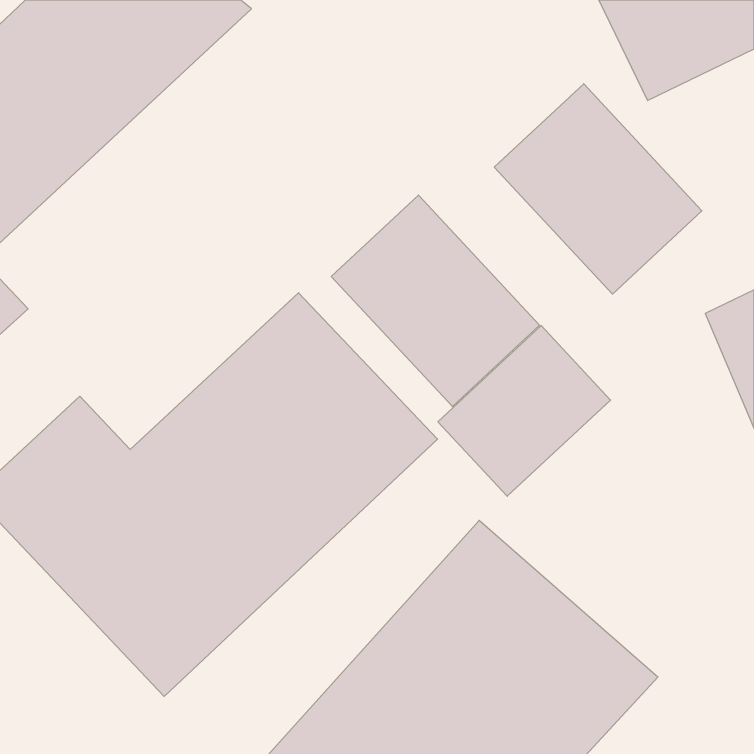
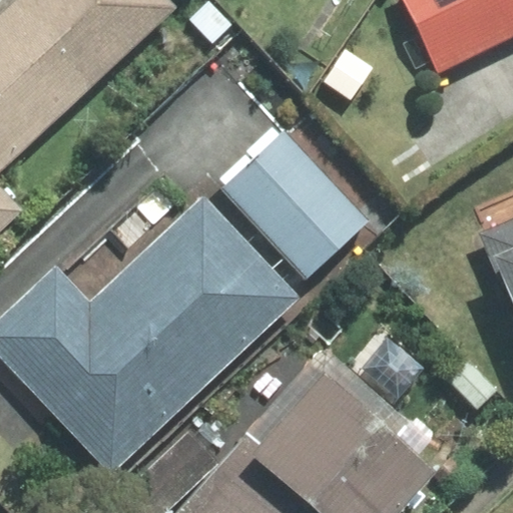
building: [494,84,702,294] -> none
building: [438,326,611,496] -> none

